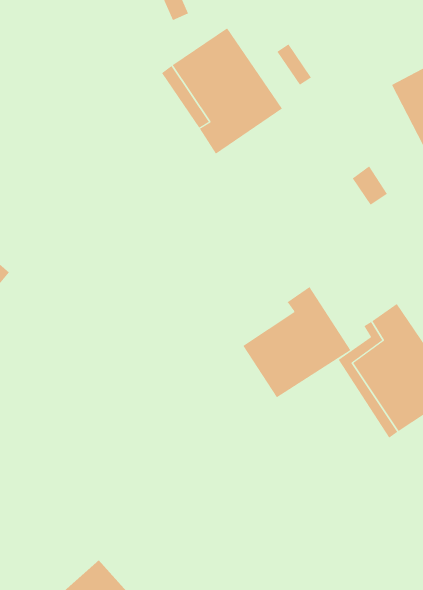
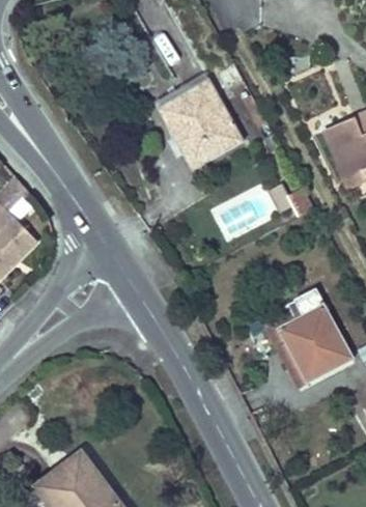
building: [243,286,351,398] -> none

